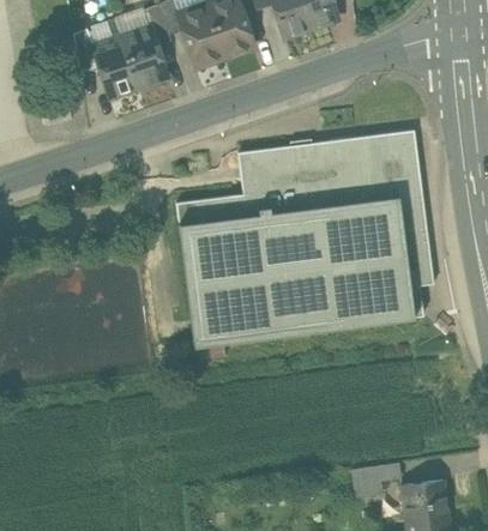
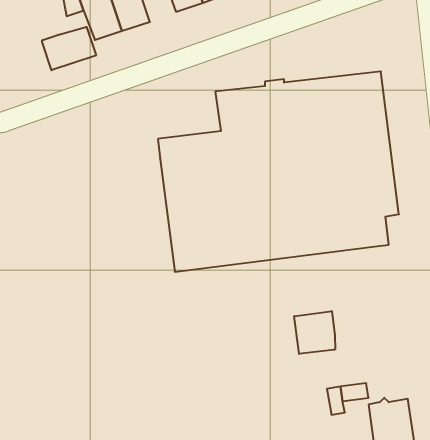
building: none -> [42,27,96,70]
building: none -> [294,311,335,354]

